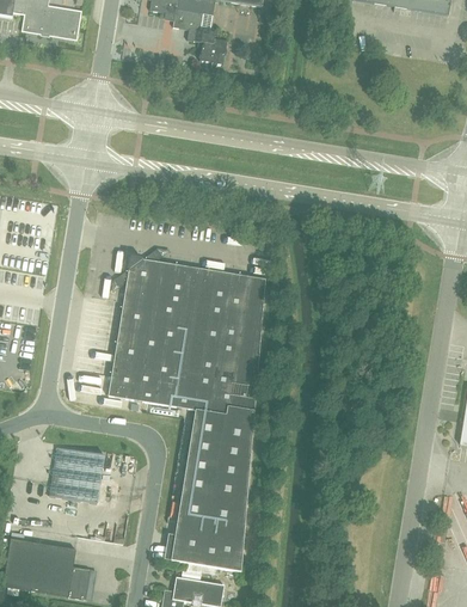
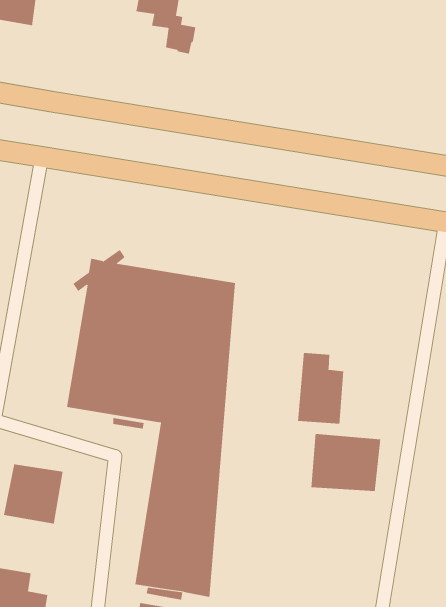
building: none -> [297,352,344,424]
building: none -> [311,433,381,492]

